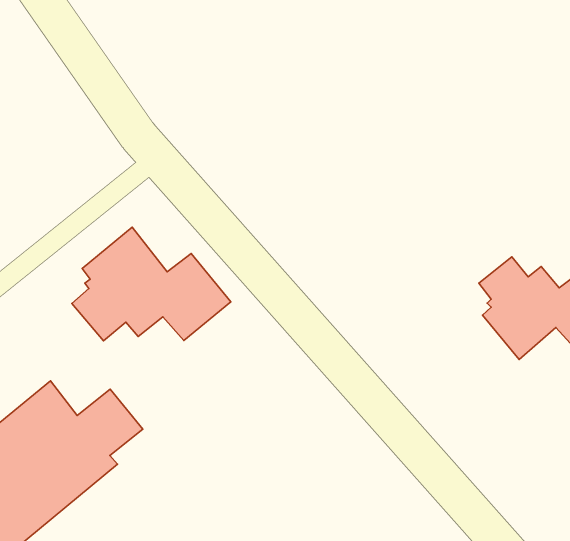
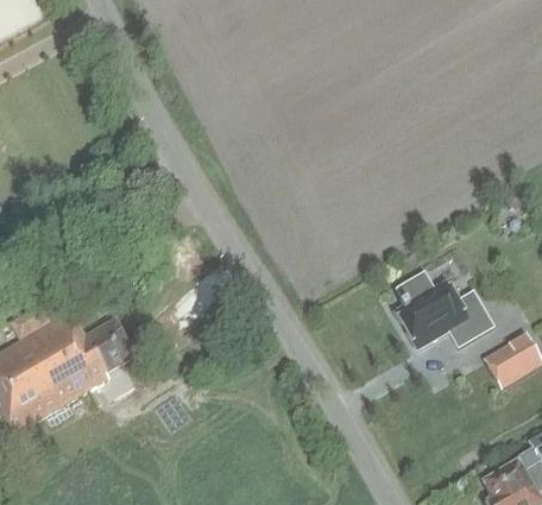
building: [72,227,231,341] -> none

